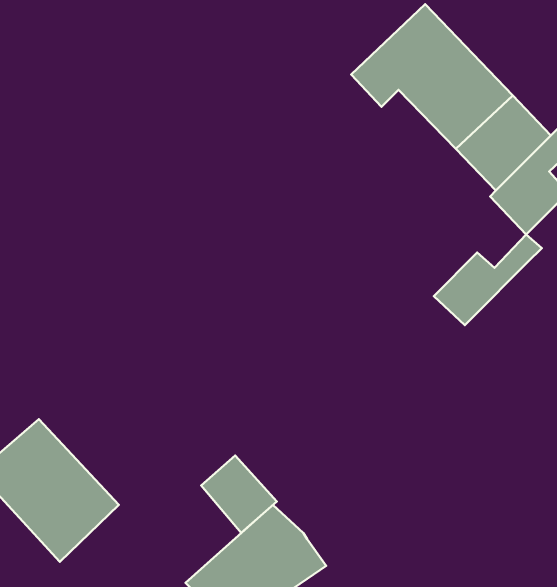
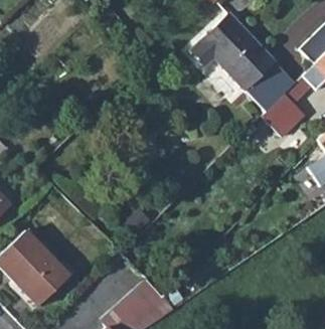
building: [434,234,542,325] -> none
building: [201,455,277,533] -> none

